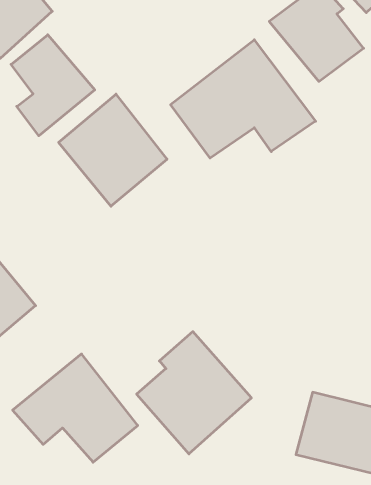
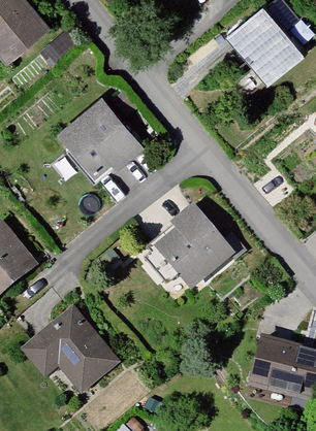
building: [11,35,95,136] -> none
building: [171,40,316,158] -> none
building: [137,332,251,454] -> [150,199,243,298]

